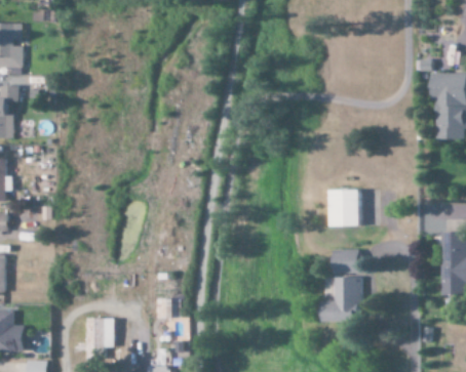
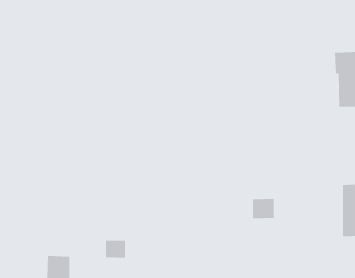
building: [331,189,360,225] -> none
building: [321,277,360,321] -> none

